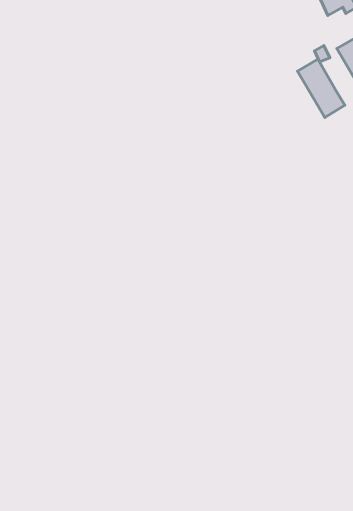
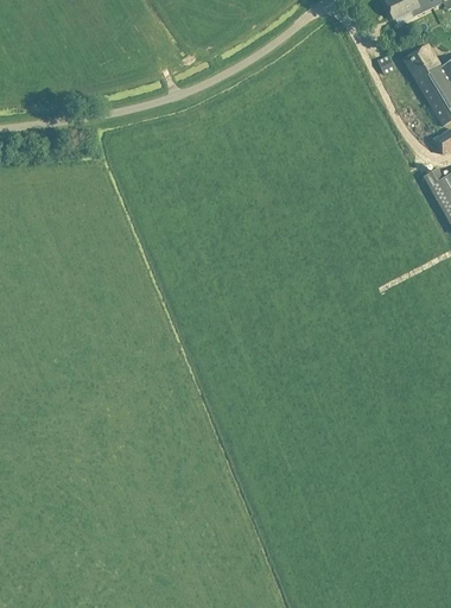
building: [298,59,345,117] -> none

